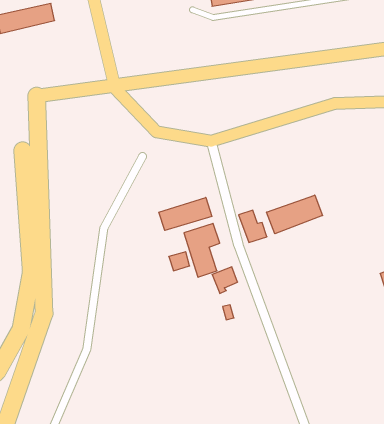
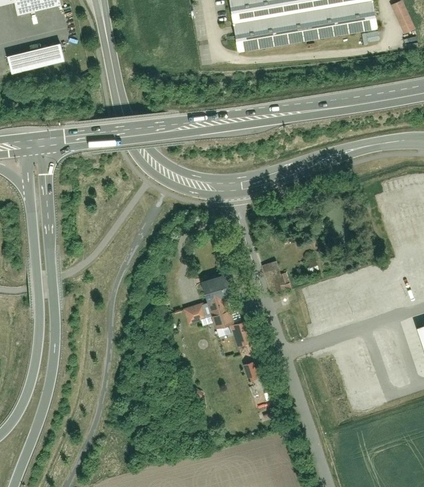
building: [267,195,323,234] -> none
building: [159,197,212,230] -> none

